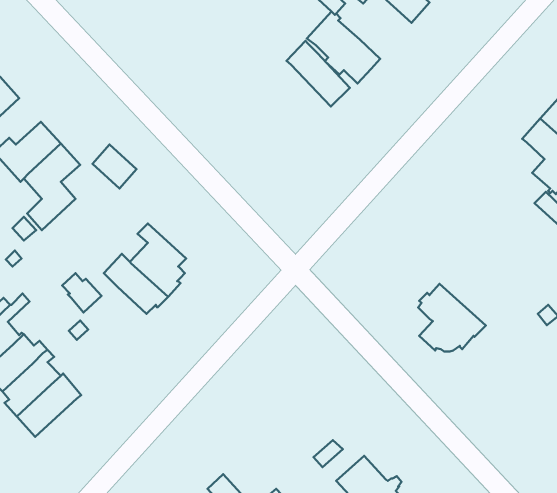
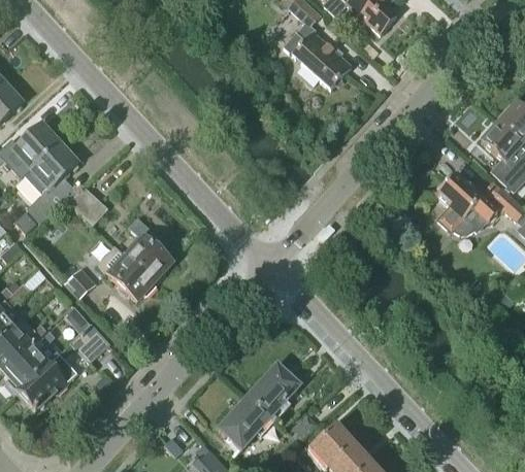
building: [287,41,350,106] -> none
building: [93,145,137,189] -> [68,184,108,225]
building: [418,284,486,351] -> [436,171,498,233]
building: none -> [69,322,110,361]
building: none -> [219,364,300,448]

